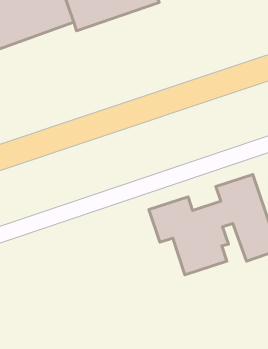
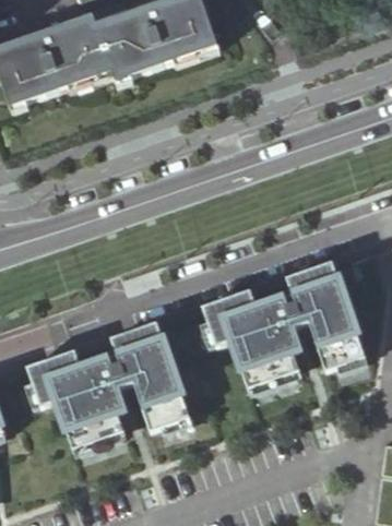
building: none -> [25,321,190,450]

